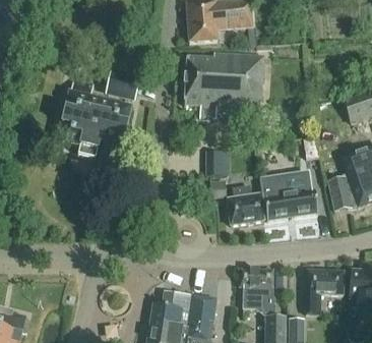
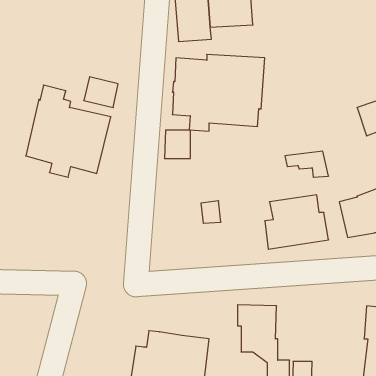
building: [207,149,230,173] -> [164,130,190,158]
building: [227,185,263,224] -> none
building: [306,269,344,313] -> none

